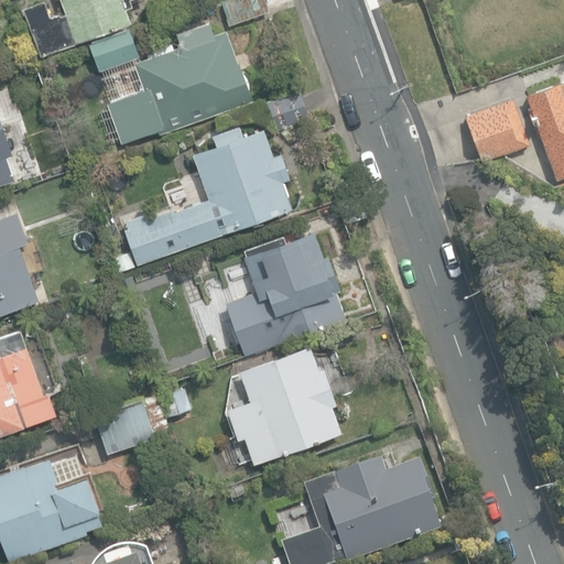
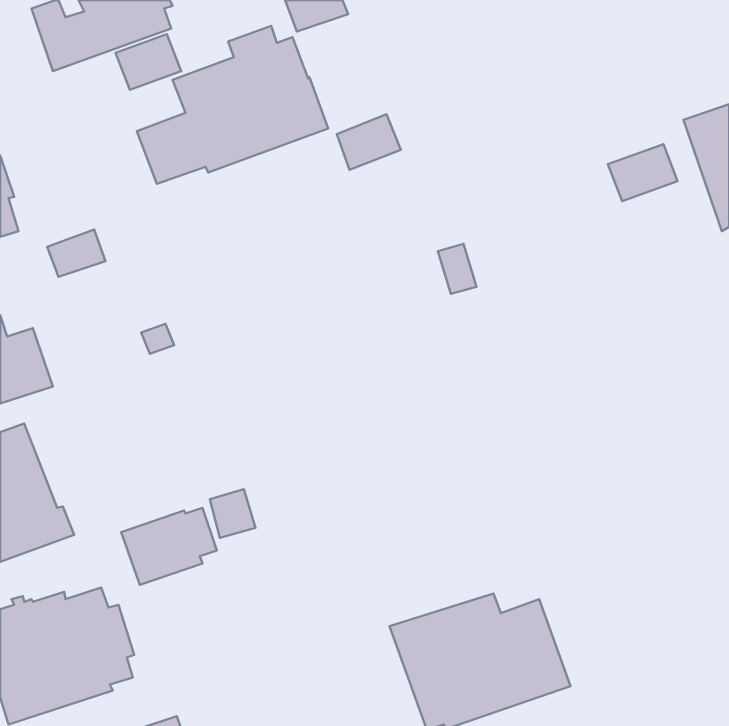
building: [123,122,292,267] -> none
building: [225,232,346,357] -> none
building: [227,345,340,465] -> none

